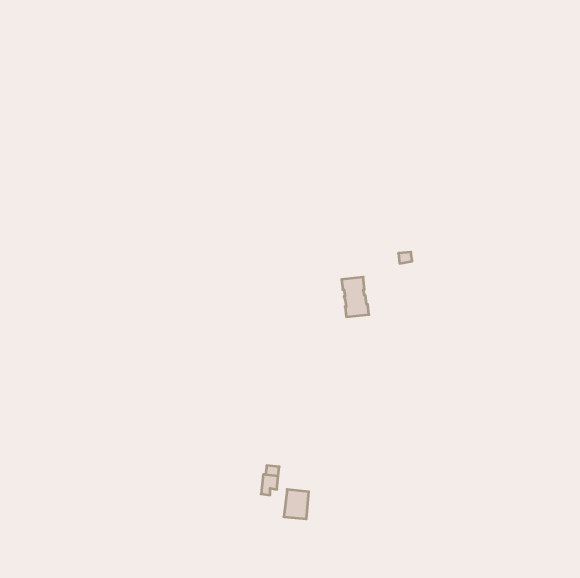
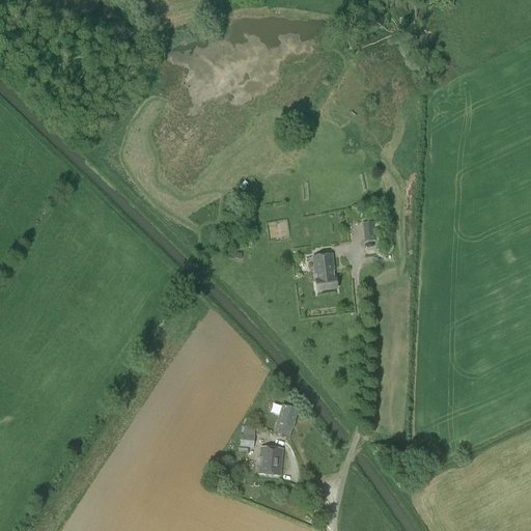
building: none -> [274,404,298,437]

